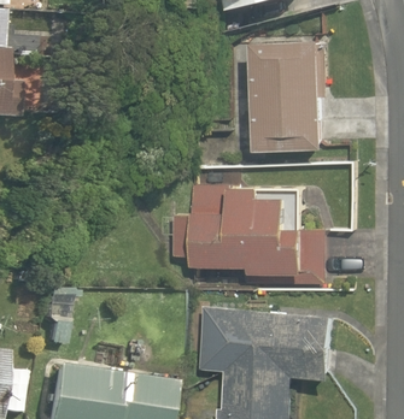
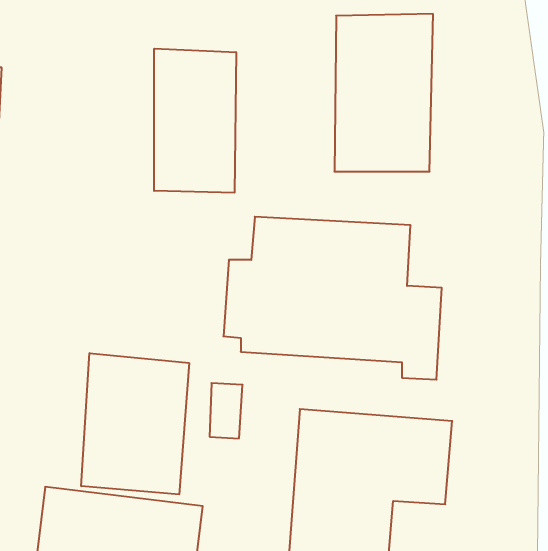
building: none -> [154,49,236,193]
building: none -> [81,353,189,494]

